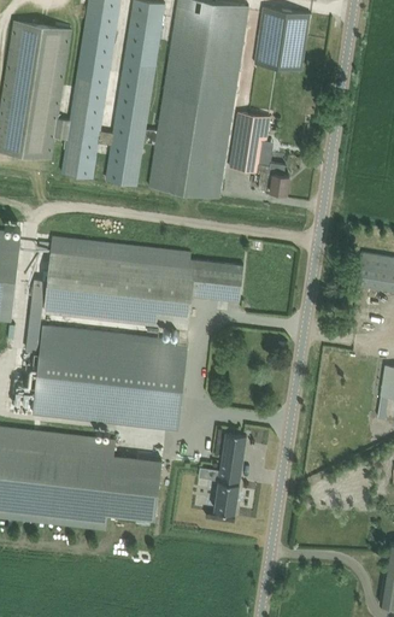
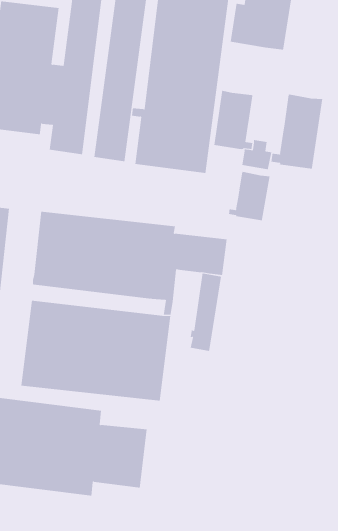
building: none -> [271,94,323,170]
building: none -> [228,171,270,221]
building: [213,433,246,513] -> [190,273,222,352]

